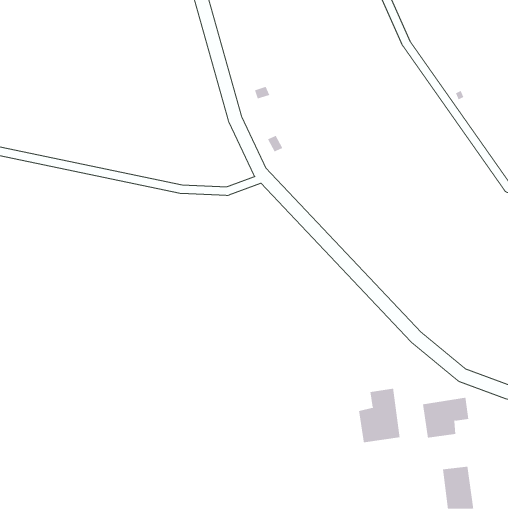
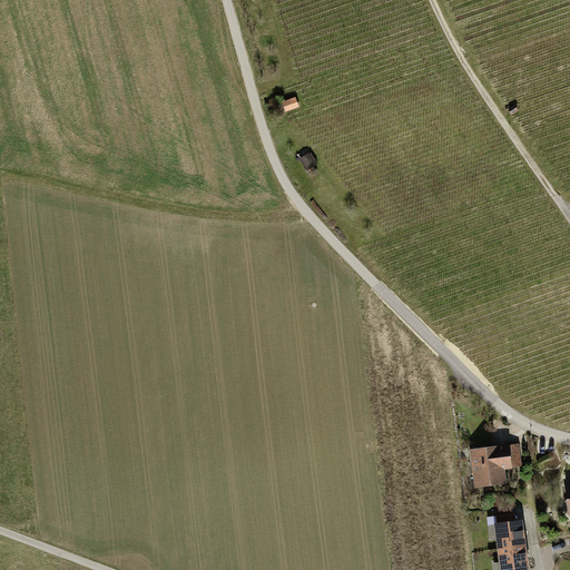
building: [358,388,400,443] -> none

